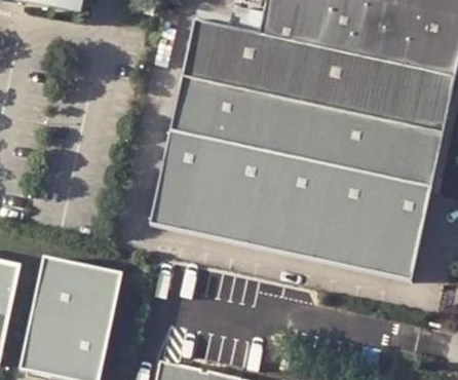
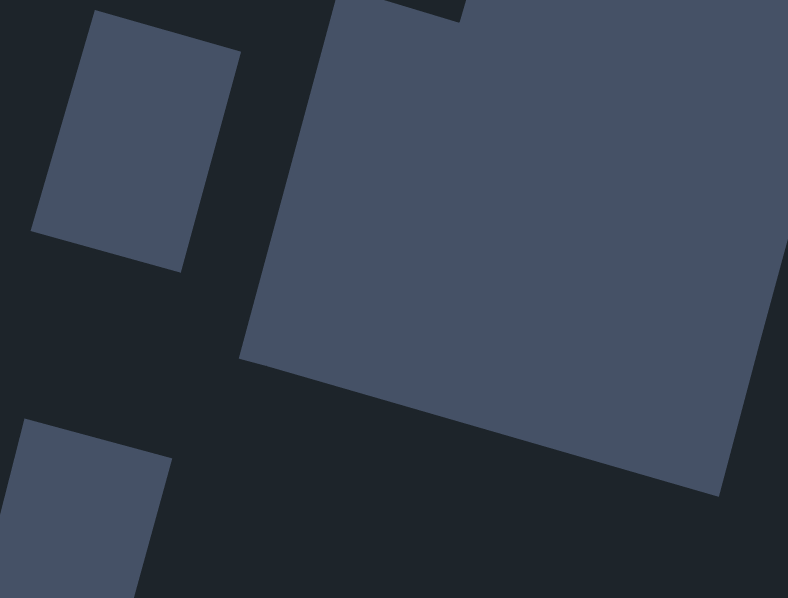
building: none -> [30,9,242,274]

